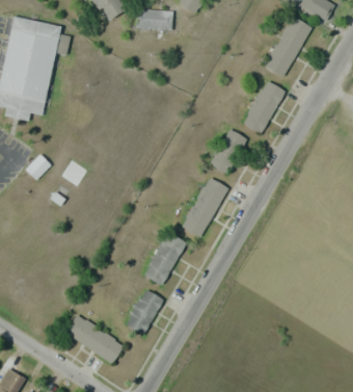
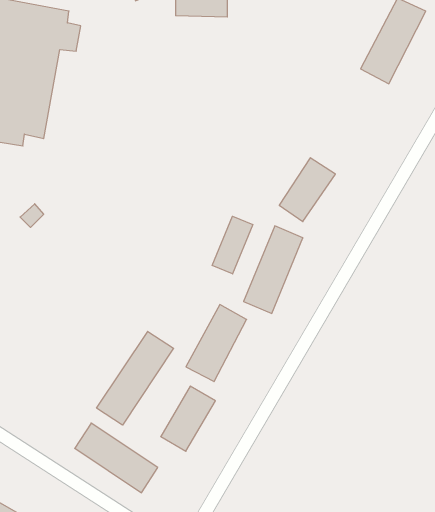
building: [242,80,284,134] -> none
building: none -> [212,216,253,274]
building: none -> [97,331,174,425]

